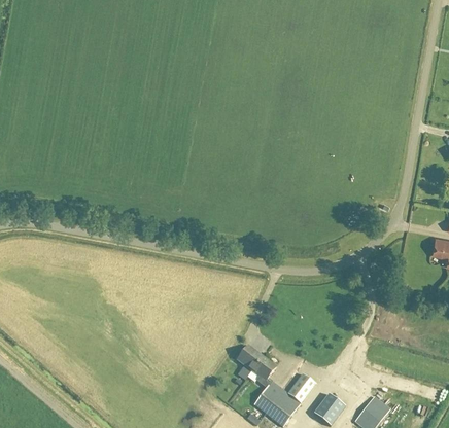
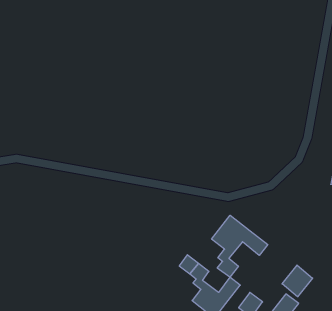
building: none -> [212,215,268,277]
building: none -> [282,265,313,297]

